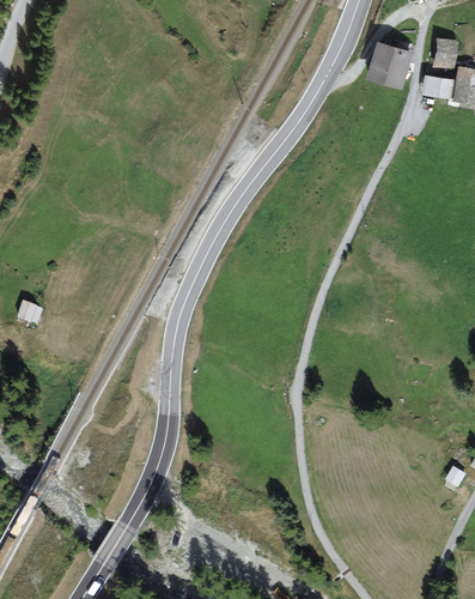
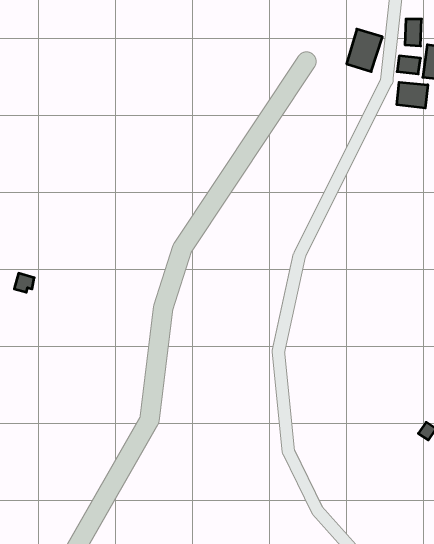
building: none -> [397,82,428,108]

